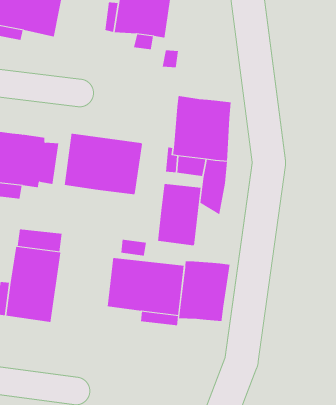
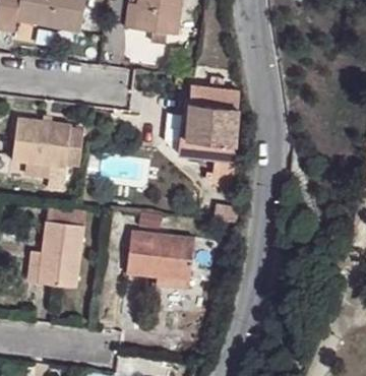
building: [64,133,143,195] -> none
building: [158,183,201,246] -> none
building: [179,260,230,322] -> none

